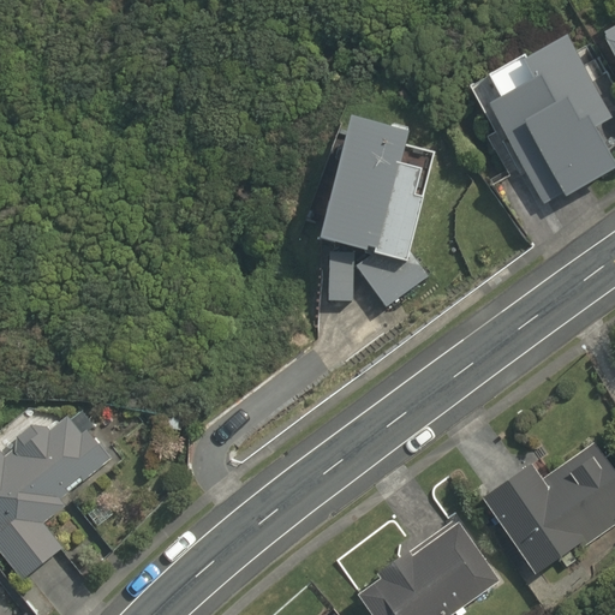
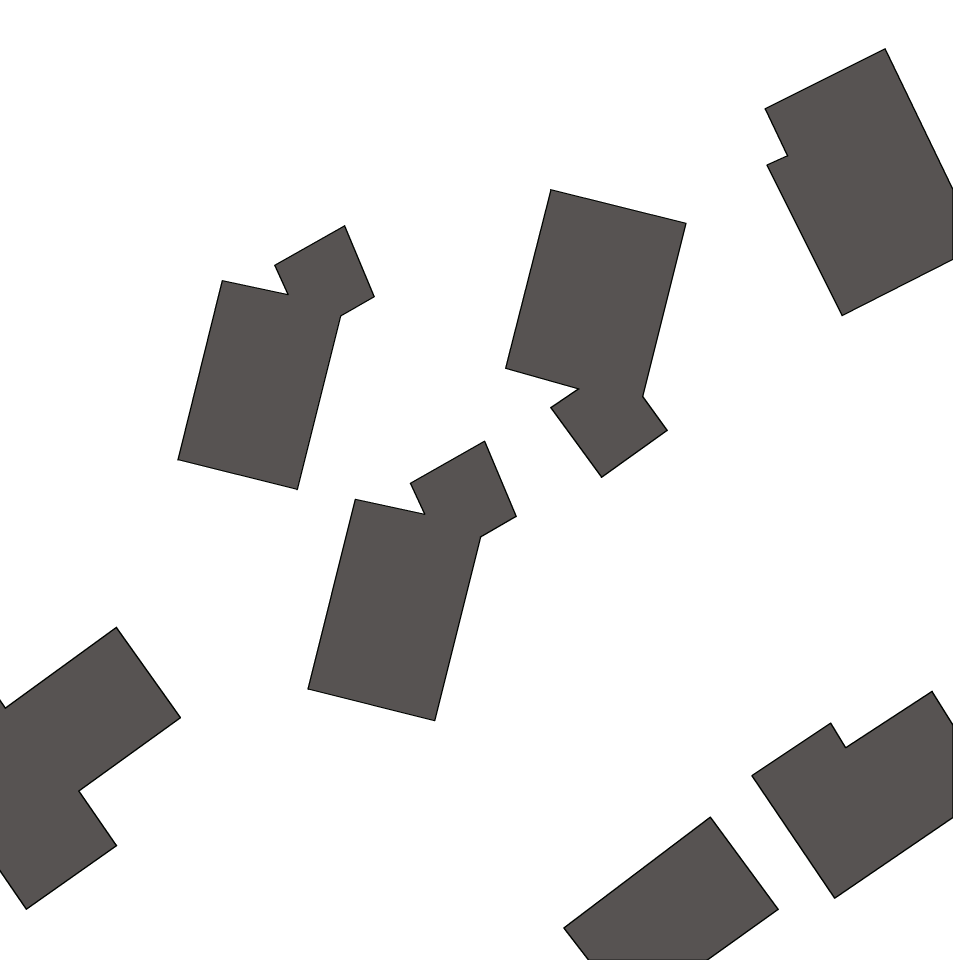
building: none -> [178,226,374,490]
building: none -> [308,441,516,721]

